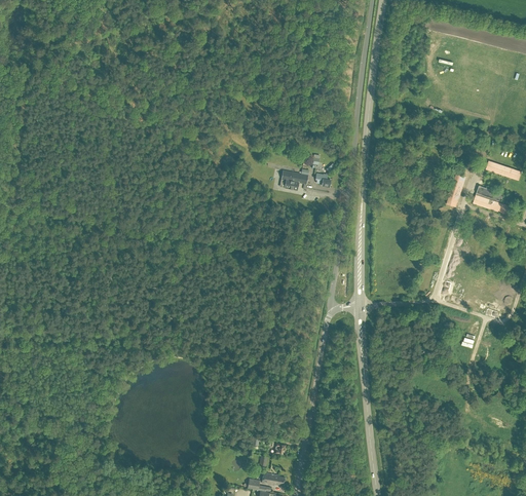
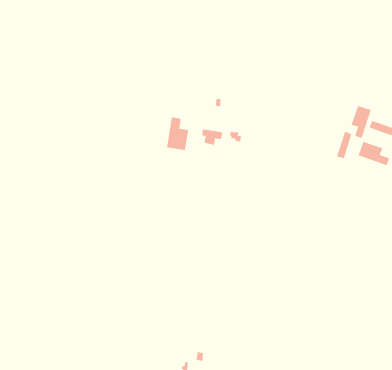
building: none -> [351,105,371,139]
building: none -> [166,117,189,151]

